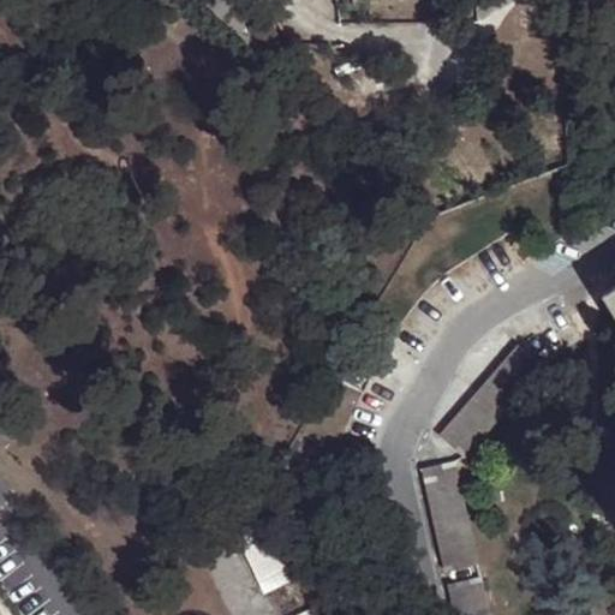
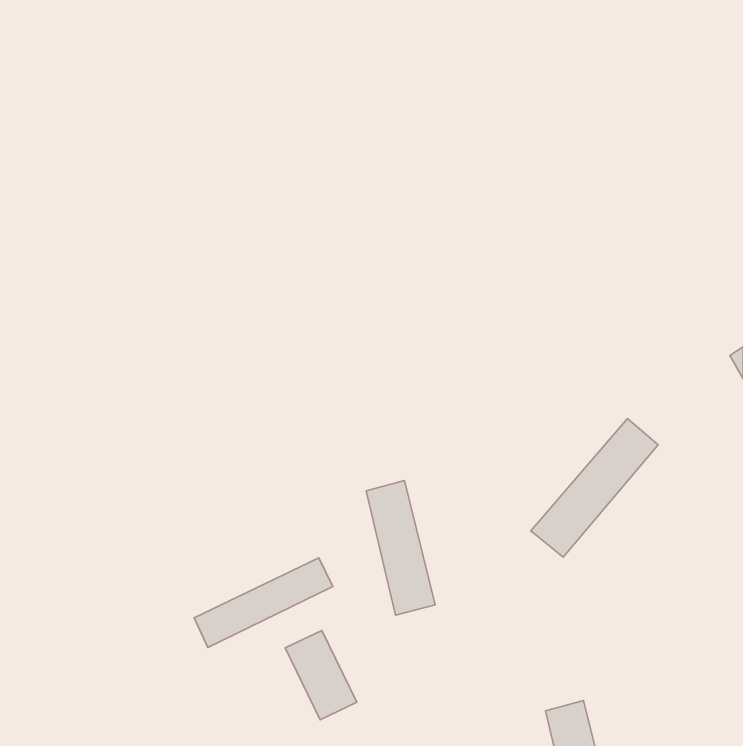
building: none -> [194,558,333,648]
building: [420,461,477,572] -> [366,481,435,615]

